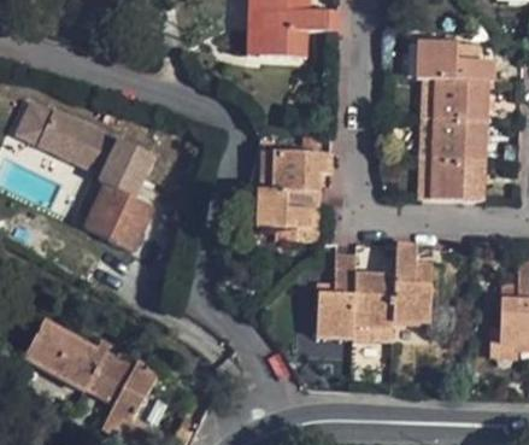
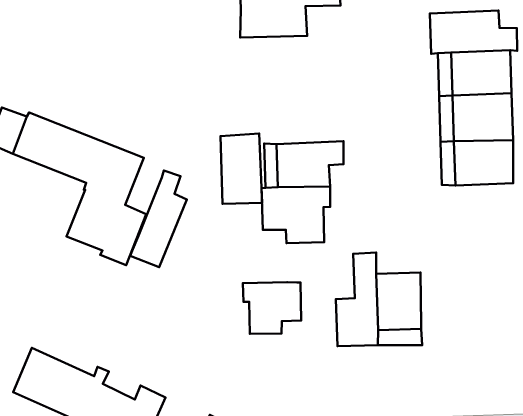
building: none -> [221,133,262,204]
building: none -> [130,170,187,267]
building: [393,245,433,323] -> none
building: none -> [243,282,301,334]

